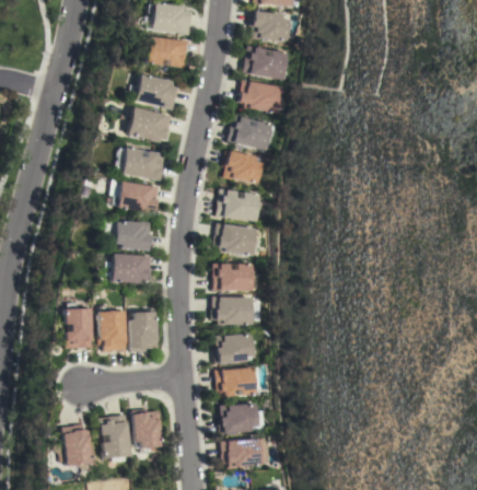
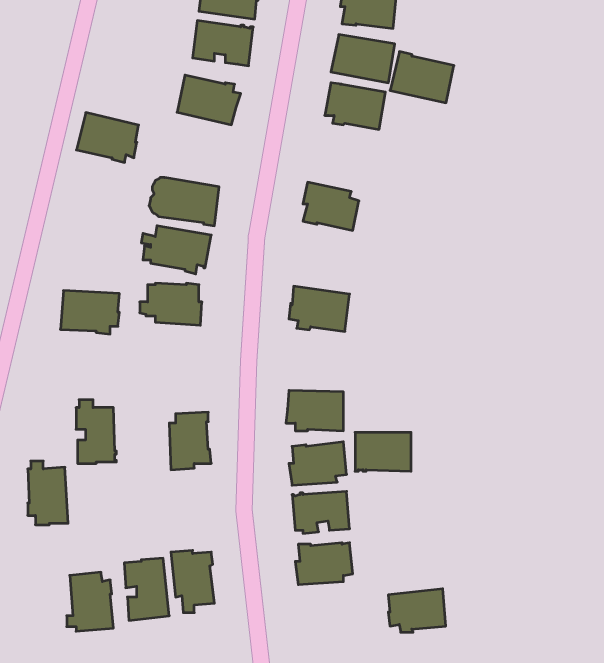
building: [128,107,172,142] -> [76,113,139,162]
building: [229,114,274,150] -> [390,52,454,103]
building: [217,189,261,221] -> none
building: [110,254,152,284] -> [60,291,119,334]
building: [214,264,254,291] -> [355,432,411,471]
building: [98,306,127,351] -> [28,461,68,525]
building: [222,438,263,468] -> [388,589,446,632]

